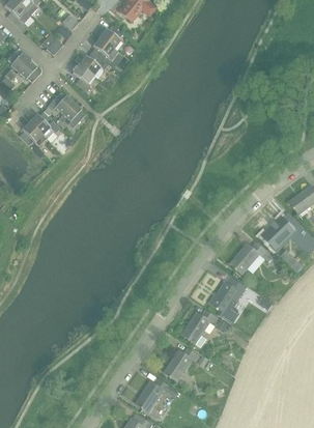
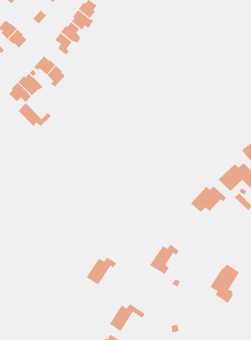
building: none -> [18,102,52,127]
building: [210,276,246,322] -> [210,264,240,304]
building: [163,347,199,380] -> [86,257,117,285]

